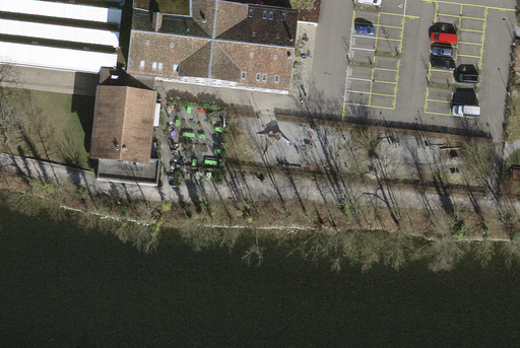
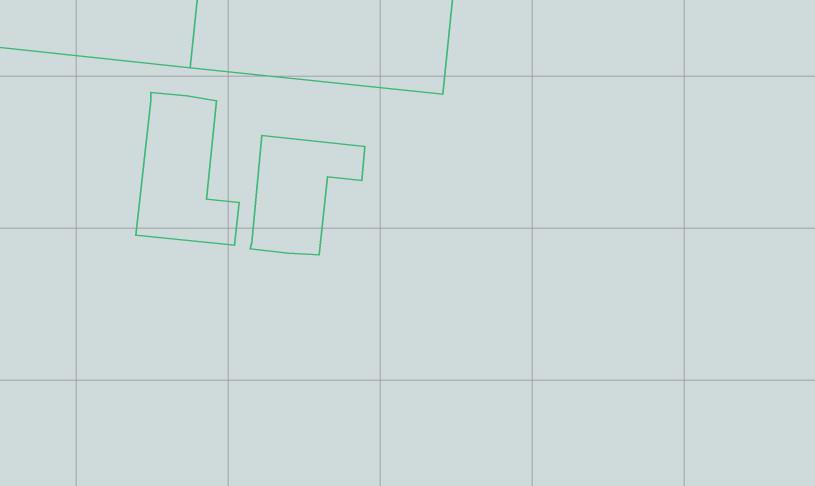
building: none -> [250,136,365,255]

